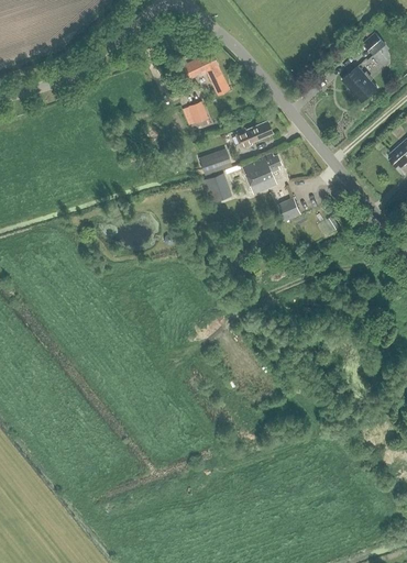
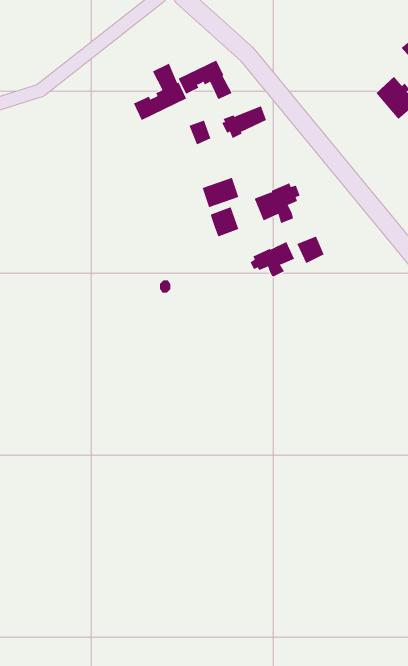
building: none -> [133,63,187,121]
building: [234,121,272,148] -> [222,106,267,139]
building: none -> [250,241,295,277]

